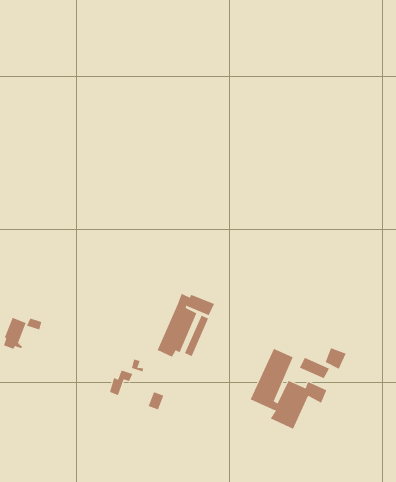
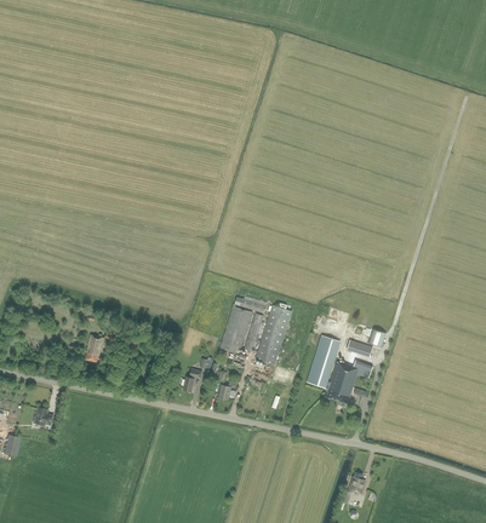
building: none -> [255,305,291,366]

